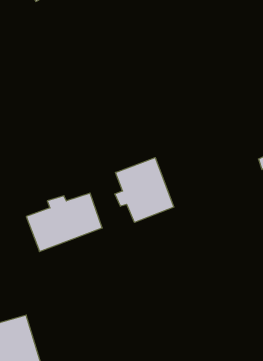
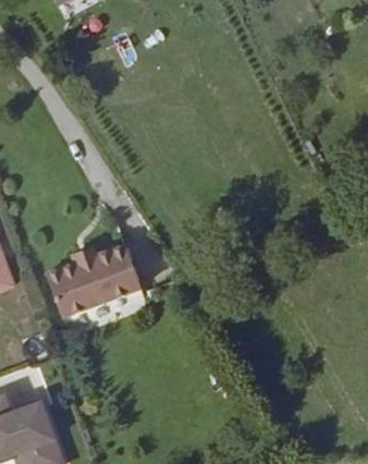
building: [115,158,174,222] -> none

